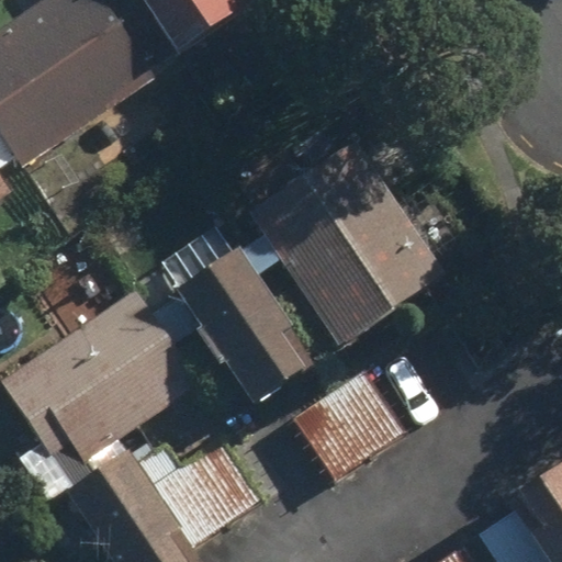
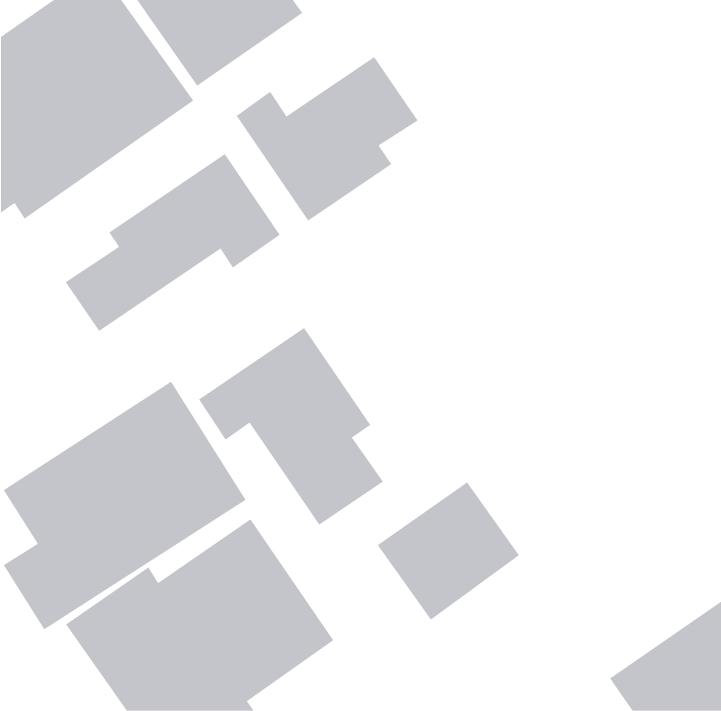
building: none -> [236,56,418,221]
building: none -> [65,153,281,332]
building: [241,139,443,340] -> none

